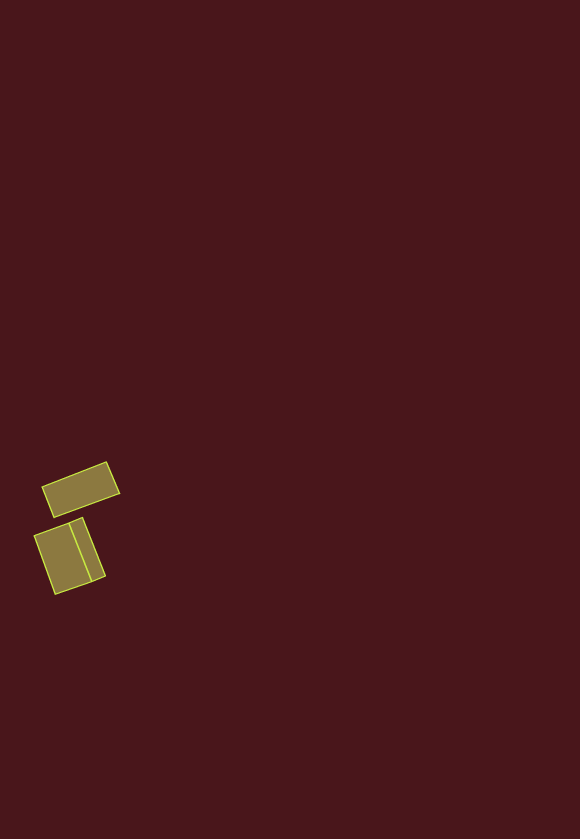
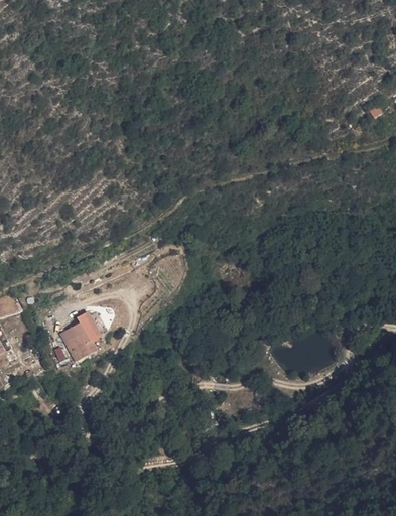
building: [42,462,120,518] -> none

